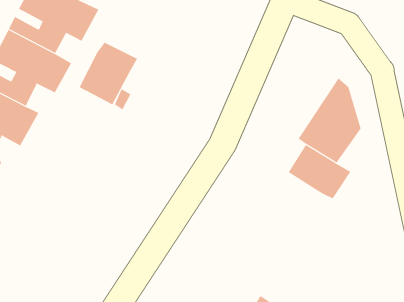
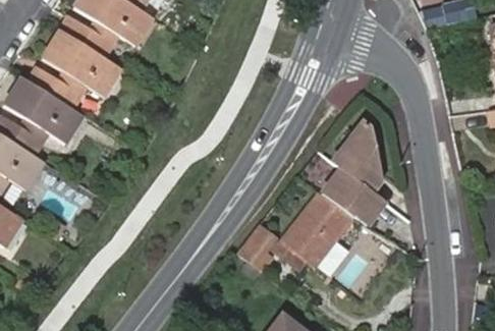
building: [79,42,138,105] -> none
building: none -> [280,191,353,269]
building: none -> [238,219,279,269]

